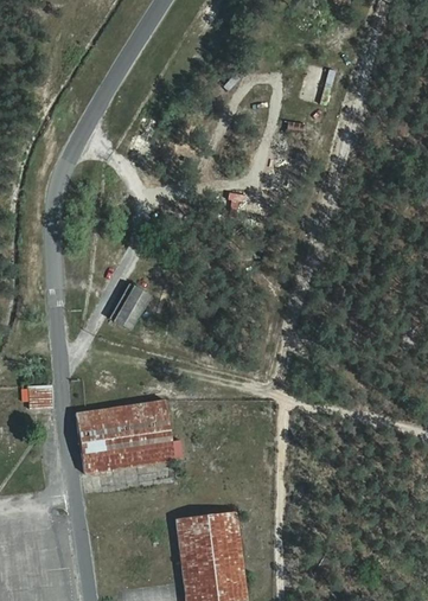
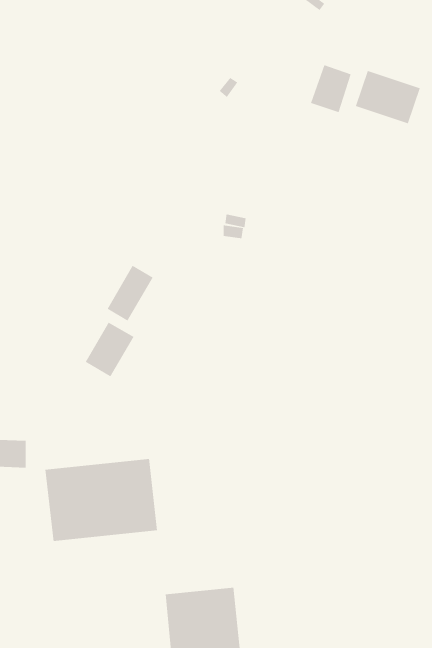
building: none -> [355,70,421,124]
building: none -> [107,265,153,321]

